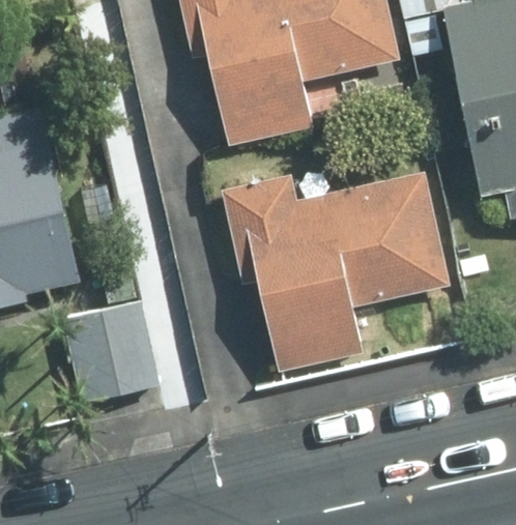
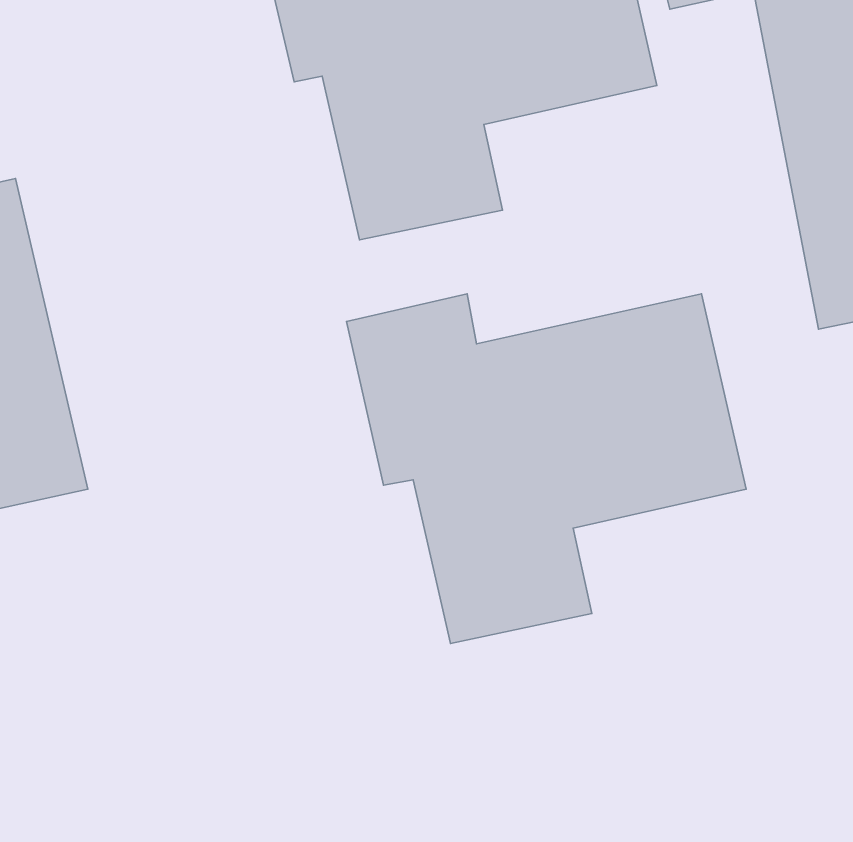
building: [66,279,157,401] -> none

